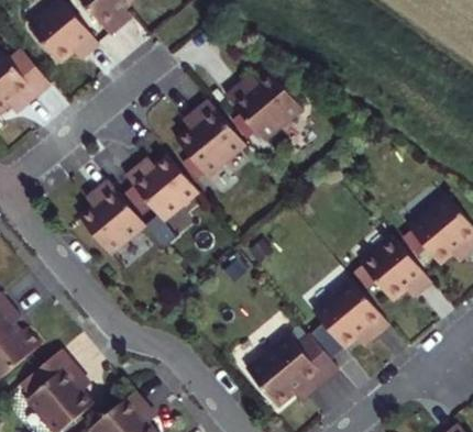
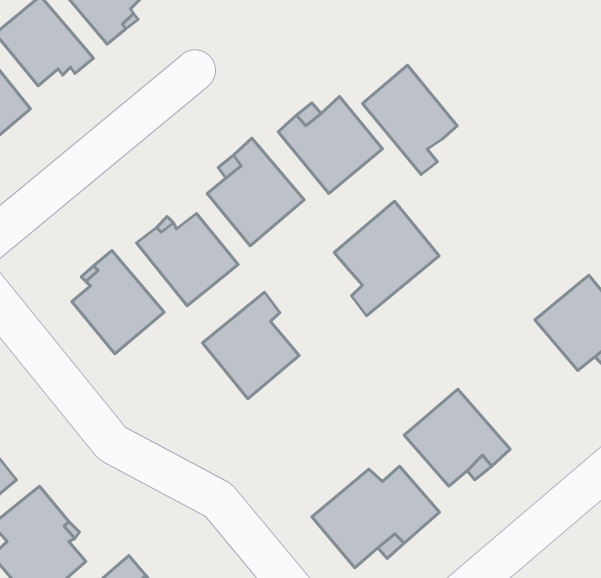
building: none -> [362,65,457,175]
building: none -> [334,201,439,316]
building: none -> [202,292,299,399]
building: [362,239,432,303] -> none

